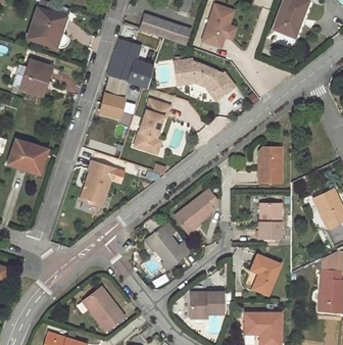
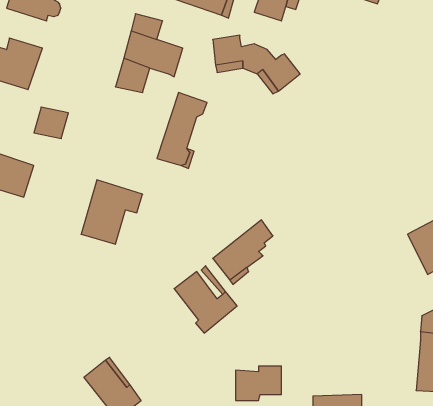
building: [100,94,125,116] -> [34,107,68,139]
building: [259,147,281,183] -> none
building: [259,203,281,239] -> none
building: [251,255,280,294] -> none

